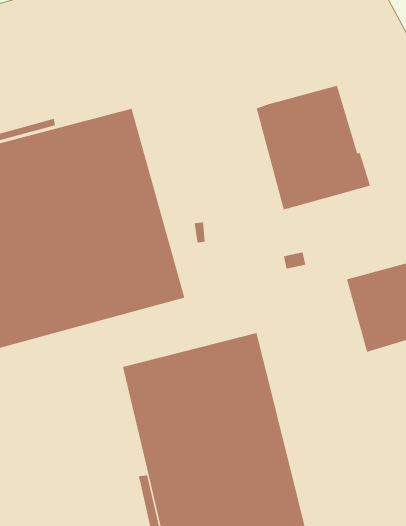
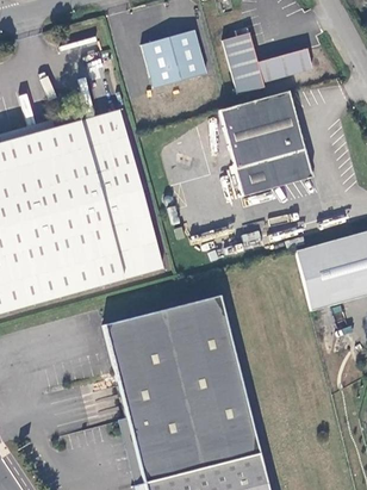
building: none -> [143,30,210,87]
building: none -> [224,33,316,95]

